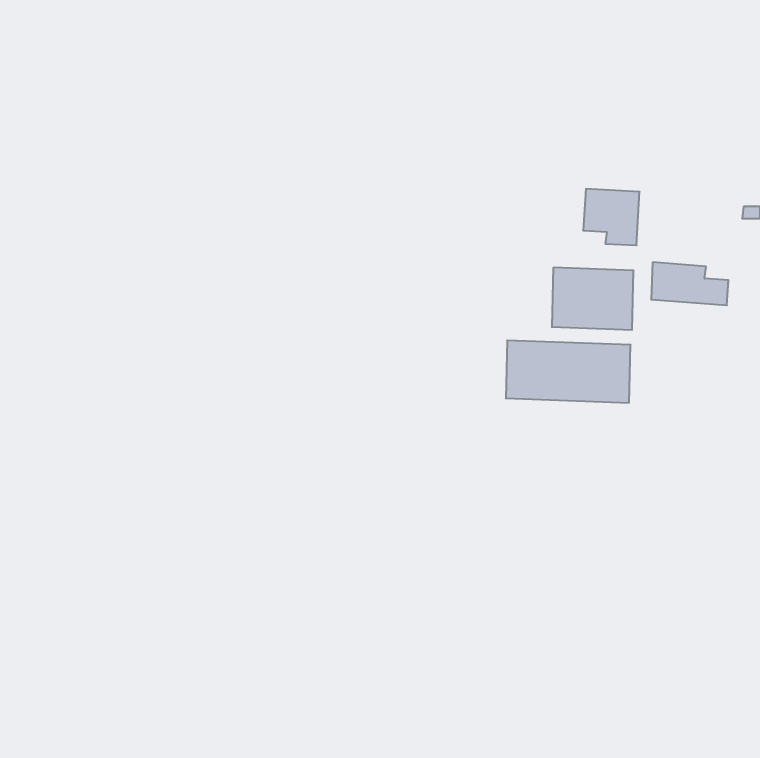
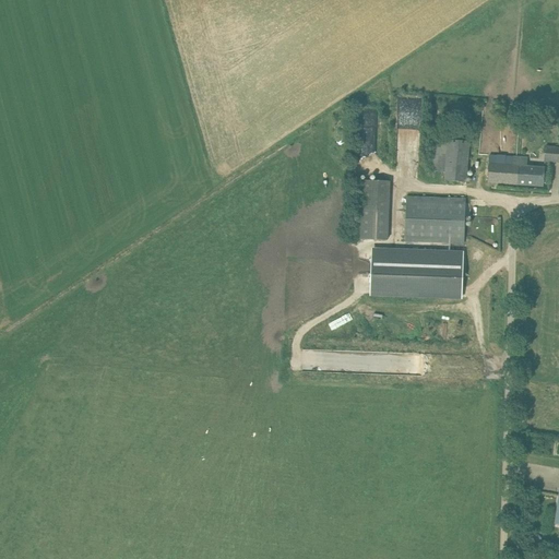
building: none -> [355,180,391,240]
building: [651,262,728,305] -> [488,154,545,186]

